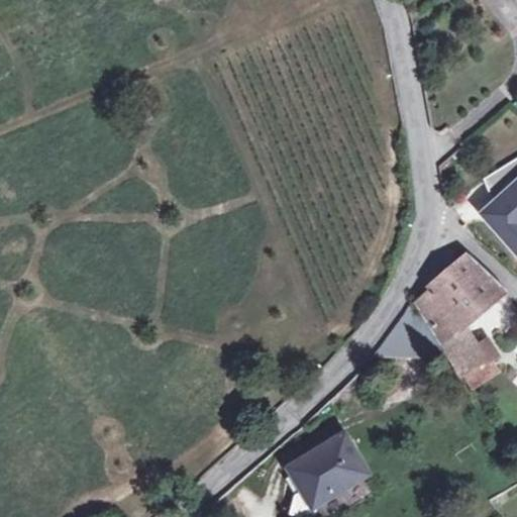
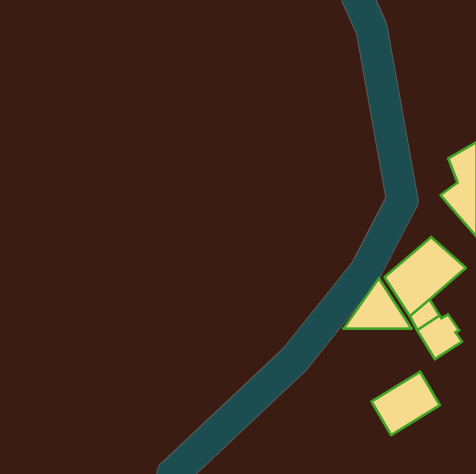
building: [294,434,368,503] -> [372,372,440,435]

